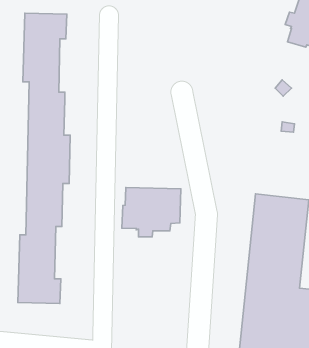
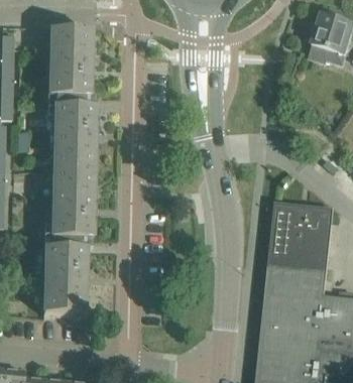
building: [122,188,181,237] -> none

